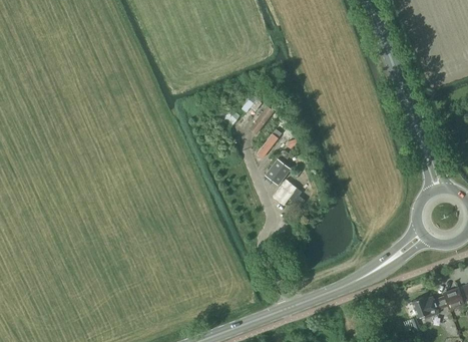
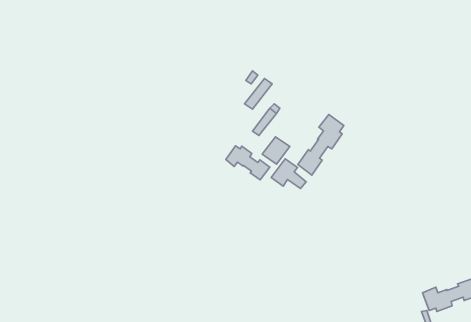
building: none -> [298,115,344,175]
building: none -> [226,146,270,180]

